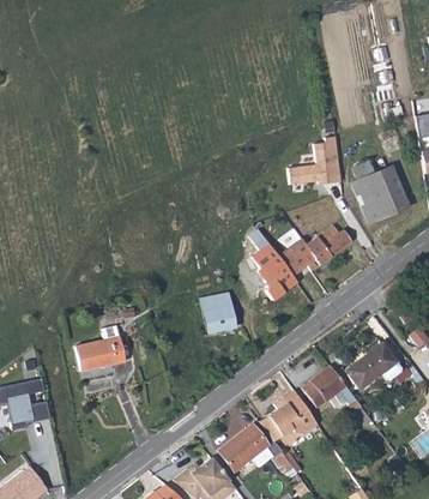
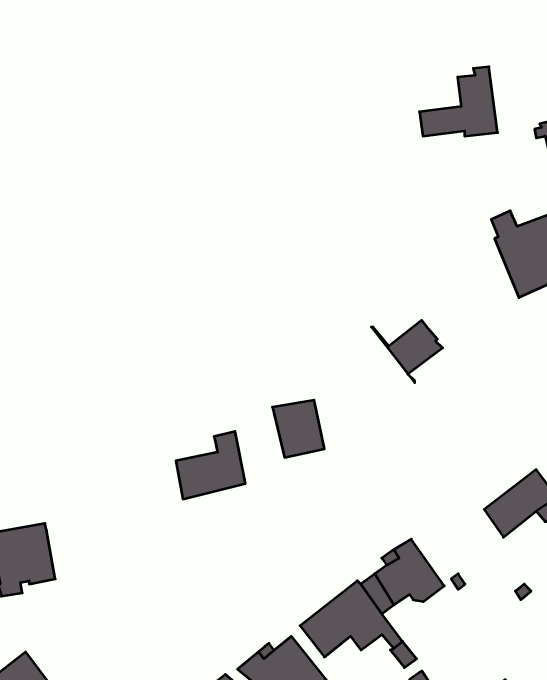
building: [288,134,342,182] -> [419,67,498,136]
building: [307,224,351,271] -> none
building: [243,244,297,301] -> none
building: [75,325,123,372] -> [176,431,245,499]
building: [302,365,371,423] -> none

